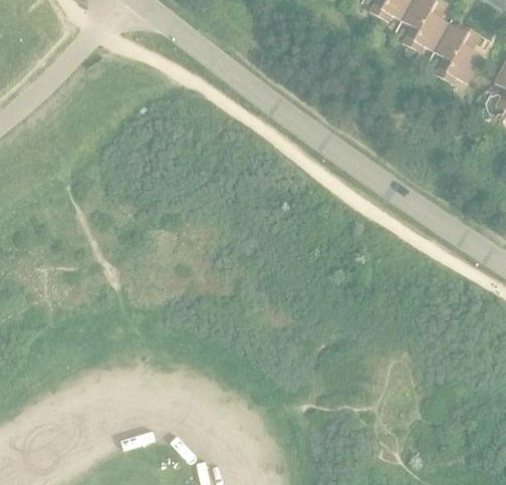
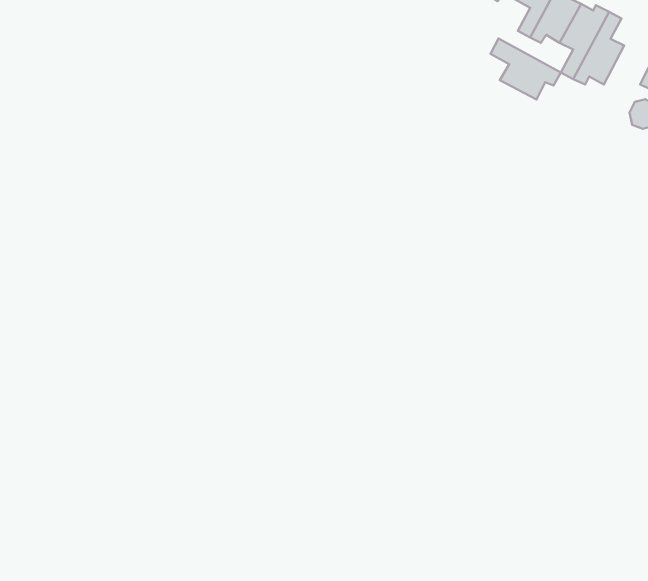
building: none -> [491,39,561,100]

